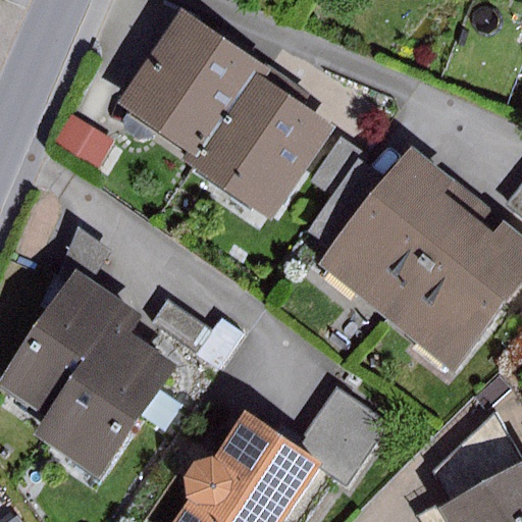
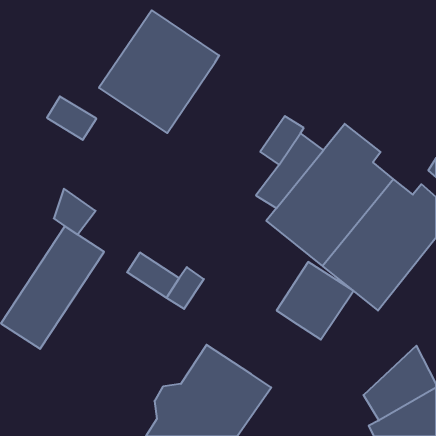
building: [194,74,335,221] -> none
building: [35,301,174,479] -> none
building: [300,388,392,481] -> [277,262,353,340]

